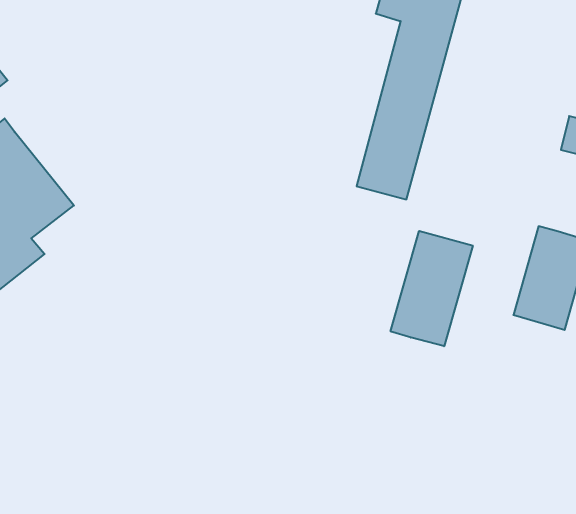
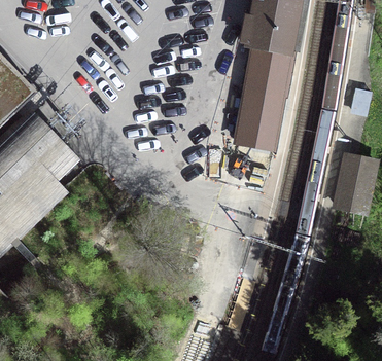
building: [391,231,473,346] -> none

